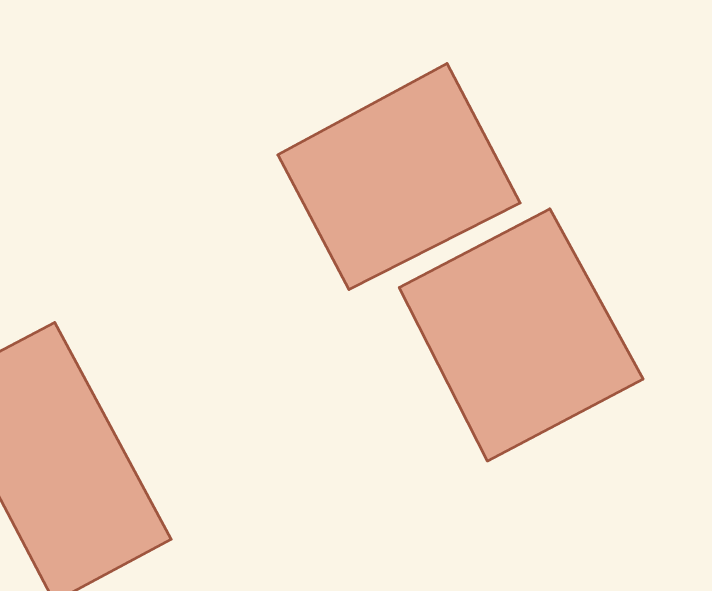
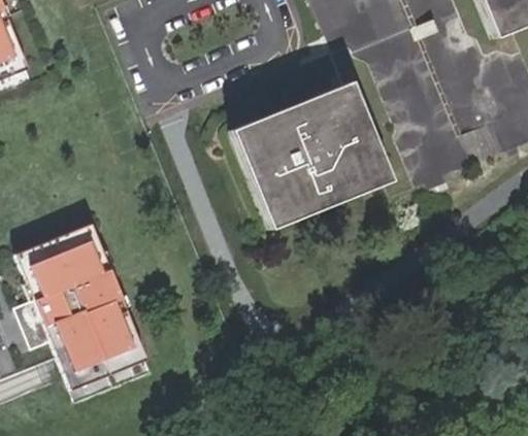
building: [399,209,643,461] -> none

